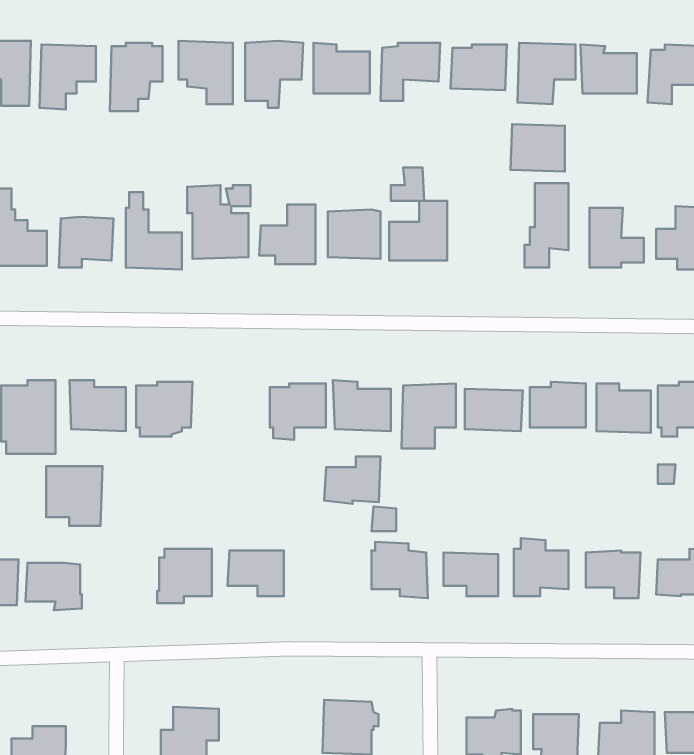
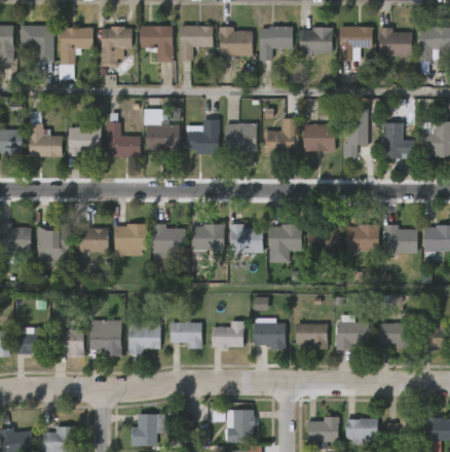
building: [510,124,565,171] -> [305,123,337,151]
building: none -> [154,224,187,260]
building: [324,456,381,504] -> [211,322,243,349]
building: [46,466,102,526] -> [90,319,123,354]

